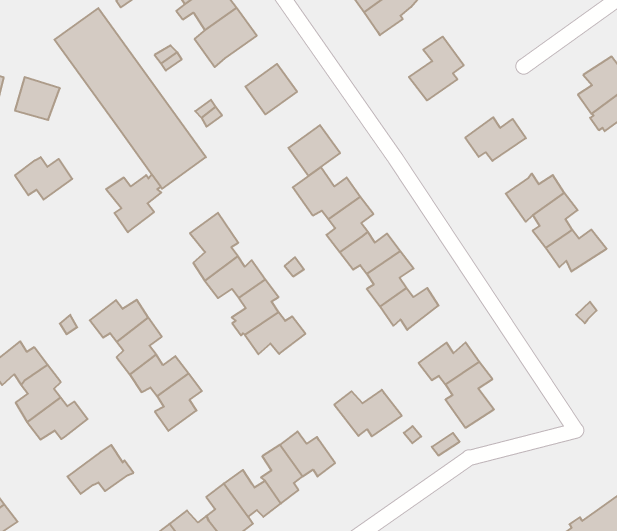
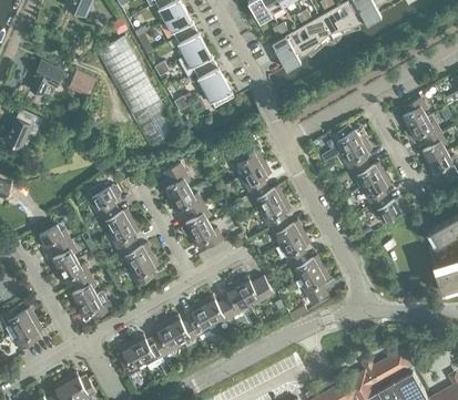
building: [409,37,464,100] -> none
building: [288,125,340,176] -> [194,63,224,92]
building: none -> [343,141,372,172]
building: [15,157,72,200] -> none
building: [106,174,161,232] -> [88,186,120,218]
building: none -> [282,233,309,265]
building: none -> [223,284,247,318]
building: none -> [68,276,102,308]

